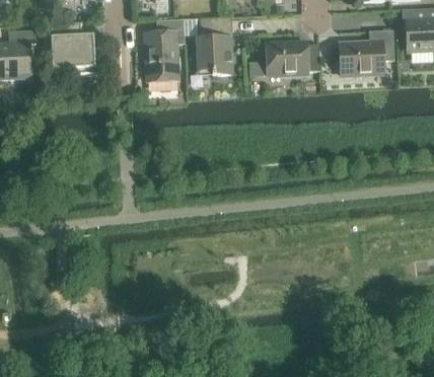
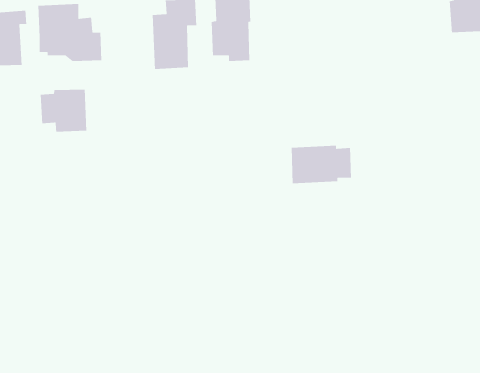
building: [339,28,394,74] -> none
building: [266,41,319,75] -> [291,145,352,184]
building: none -> [40,89,87,133]

